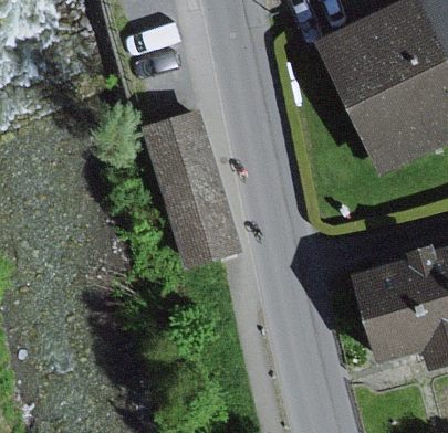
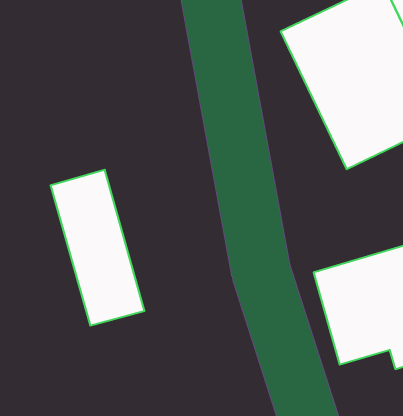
building: [155,109,247,261] -> [50,170,145,325]

